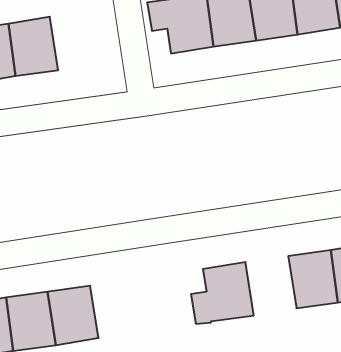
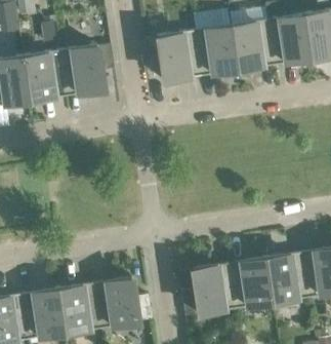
building: none -> [58,44,113,97]
building: none -> [227,258,272,309]
building: none -> [93,277,151,329]

